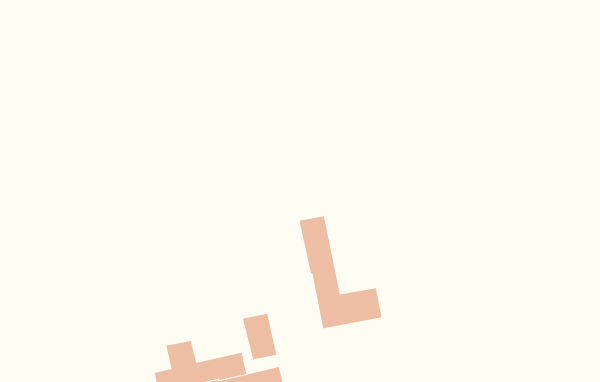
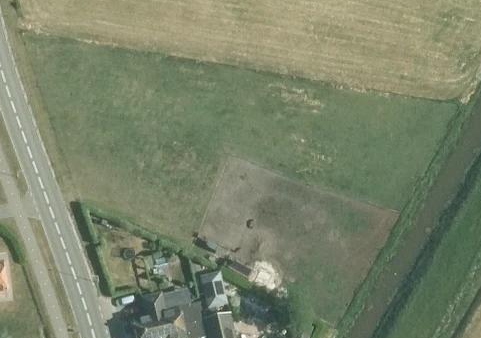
building: [299,216,382,329] -> none

